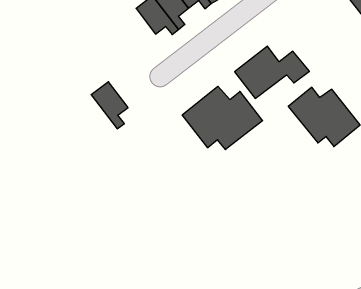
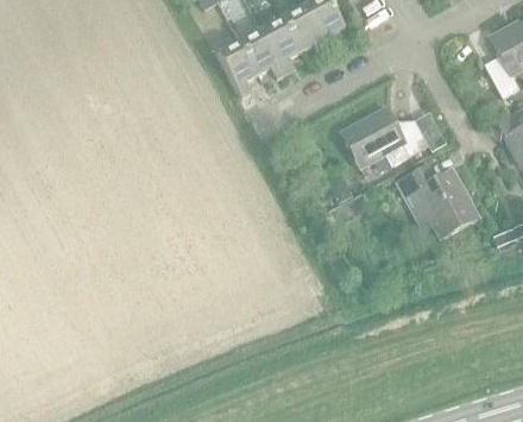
building: [91,82,128,129] -> [218,38,258,94]
building: [182,86,263,150] -> none

